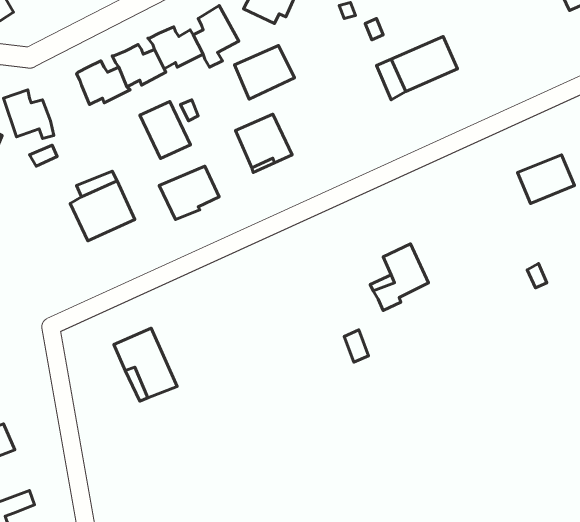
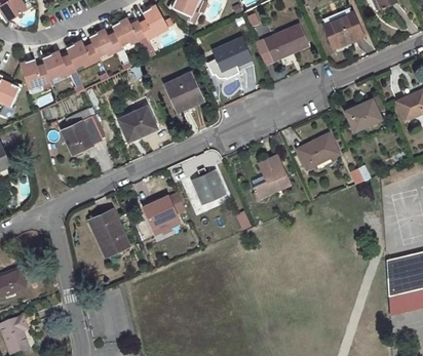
building: none -> [322,7,361,47]
building: [235,46,295,99] -> [214,38,252,72]
building: none -> [42,51,76,78]
building: [140,101,190,158] -> none
building: none -> [298,132,339,169]
building: none -> [191,169,227,204]
building: none -> [145,196,178,234]

